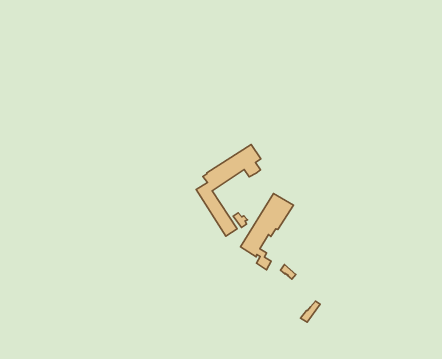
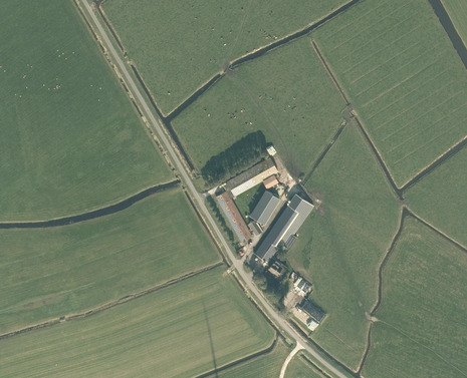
building: none -> [250,190,280,224]

